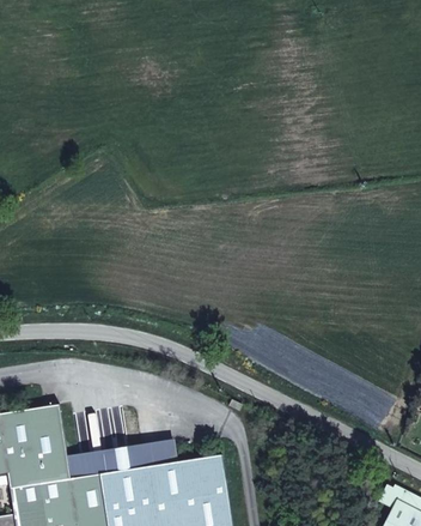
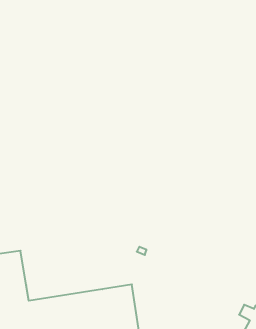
building: [67,440,178,479] -> none

